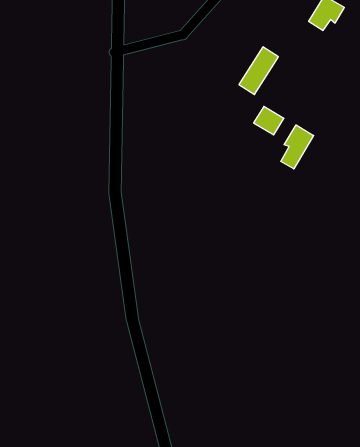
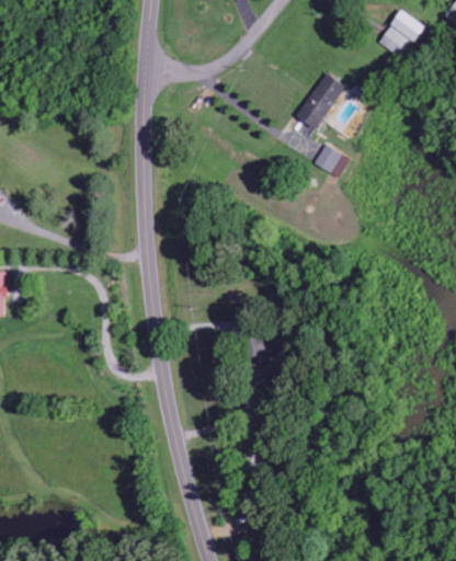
building: [281,125,314,169] -> none

